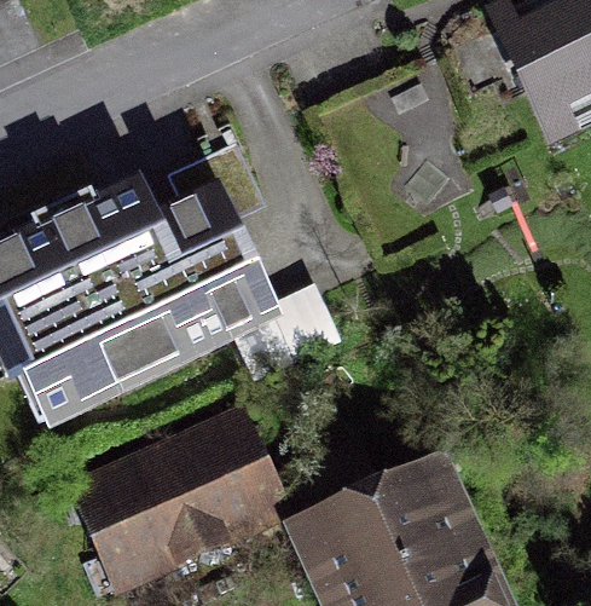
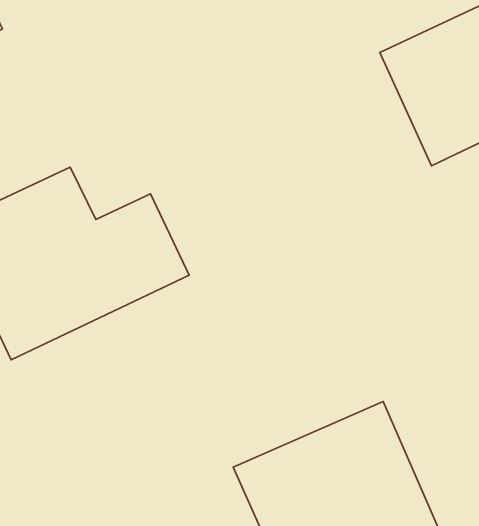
building: [69,419,263,583] -> none

